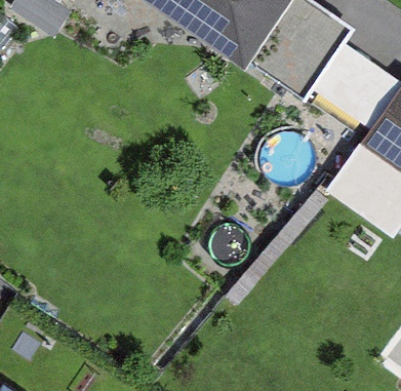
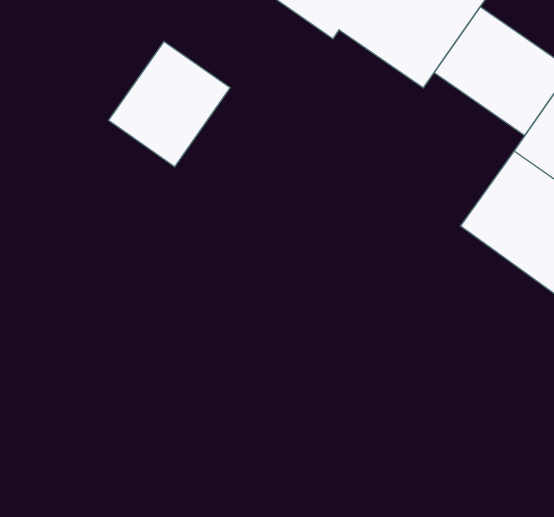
building: none -> [109,41,230,167]

